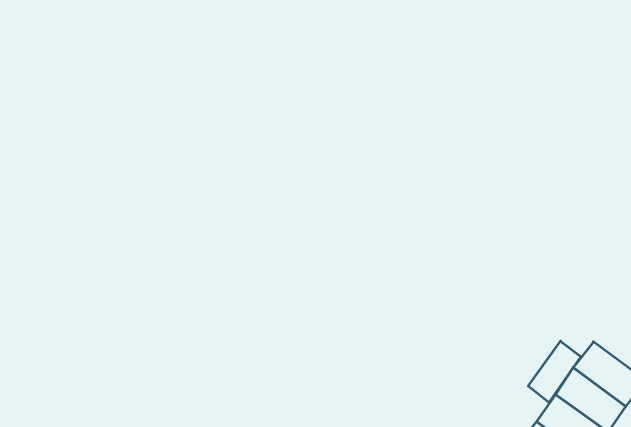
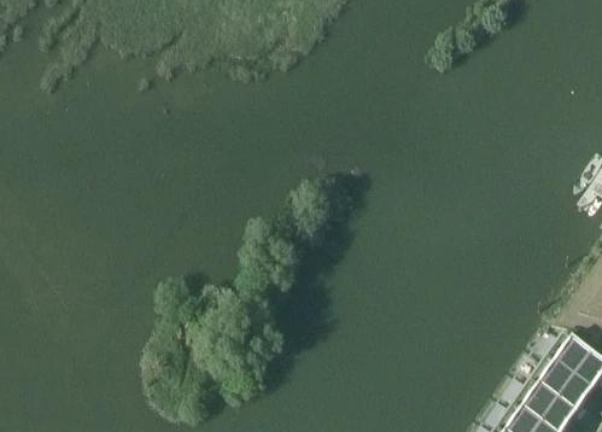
building: [528,341,581,402] -> none

